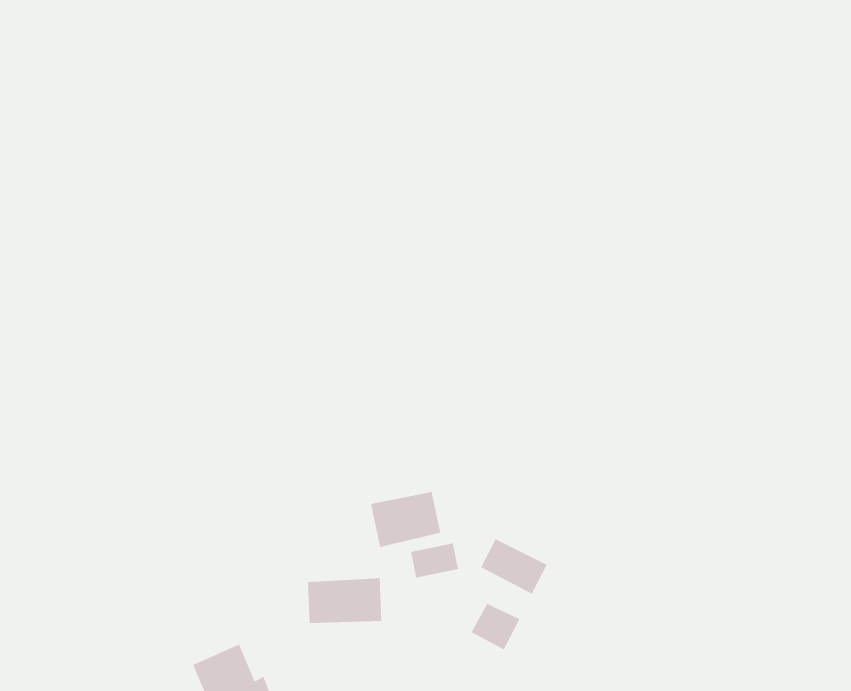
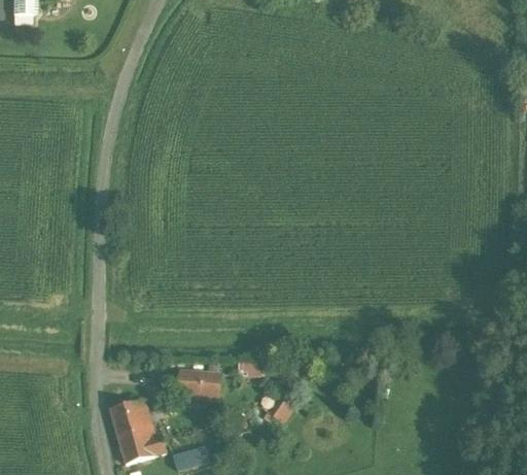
building: [370,491,441,548] -> none
building: [480,538,548,595] -> none

